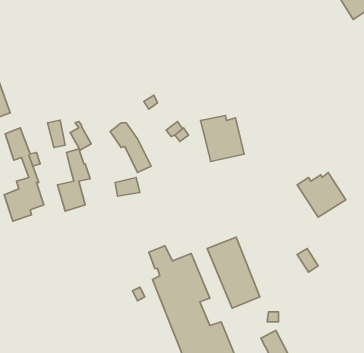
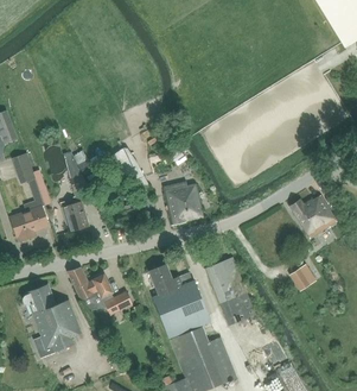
building: [200,115,244,162] -> [164,181,205,225]
building: none -> [68,266,133,315]
building: none -> [25,284,82,352]

